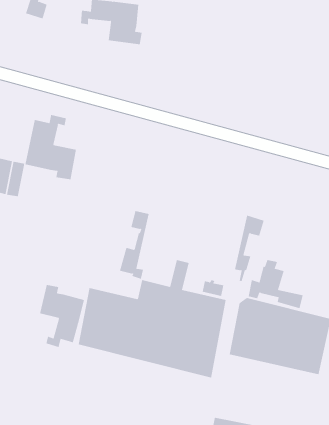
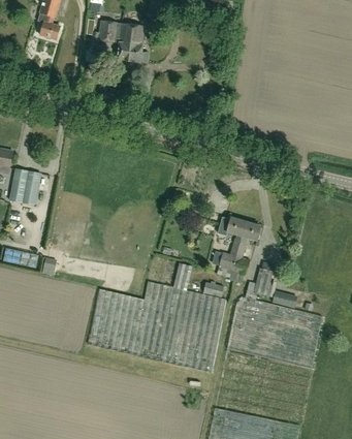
building: [25,114,76,180] -> none
building: [119,210,149,280] -> [217,218,245,282]
building: [39,284,84,348] -> none

